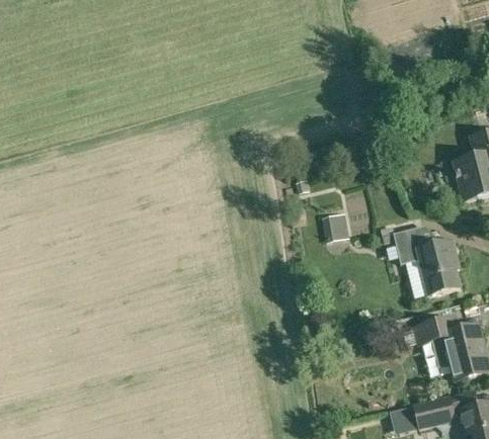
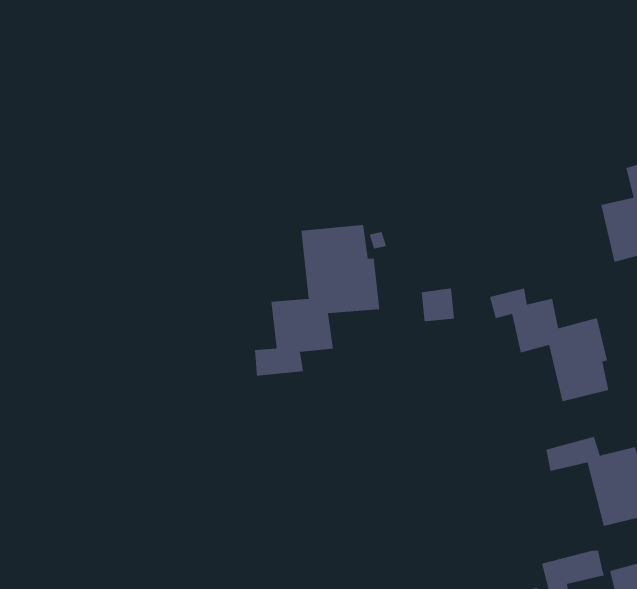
building: none -> [254,224,380,376]

